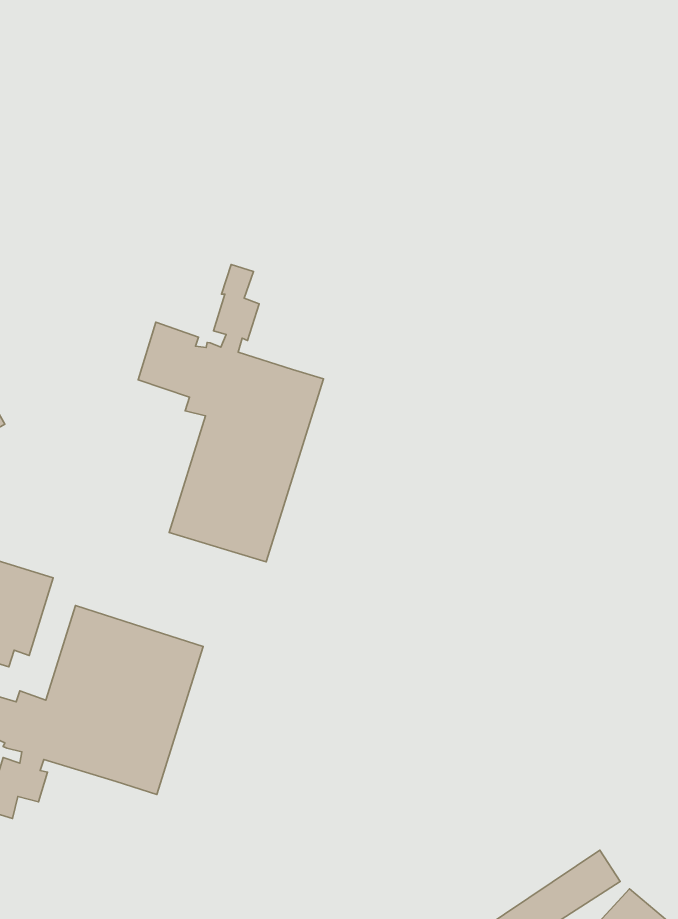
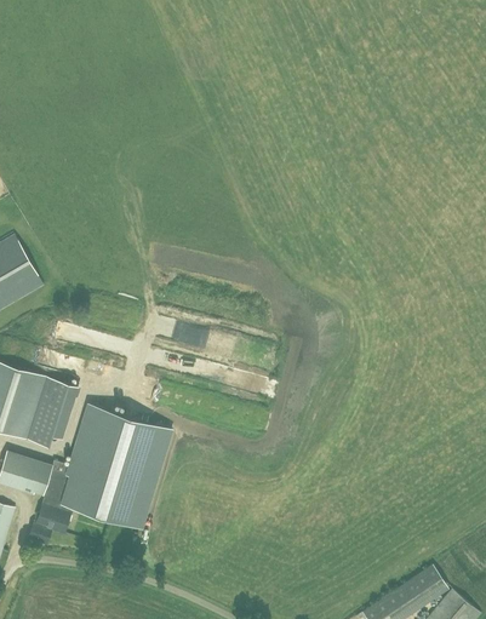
building: [138,264,323,562] -> none

